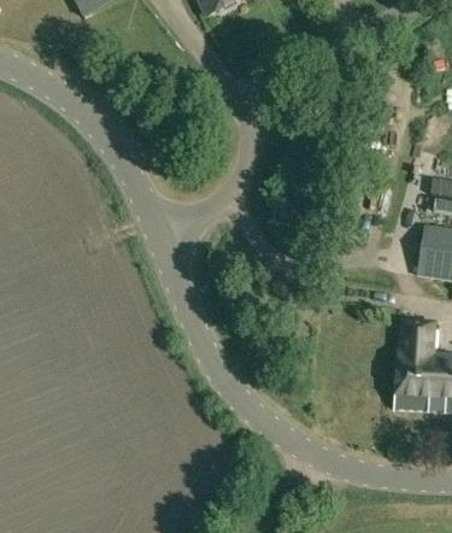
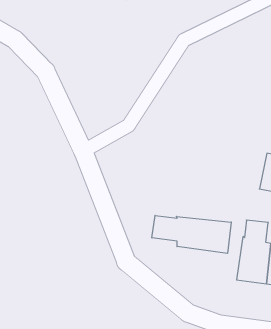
building: none -> [152,215,231,253]

